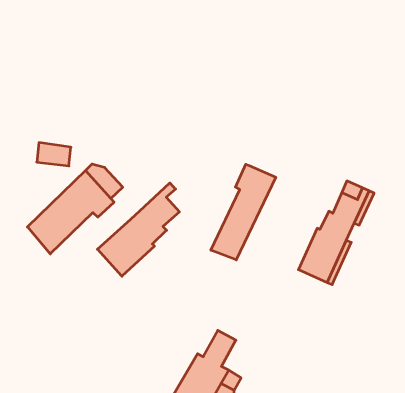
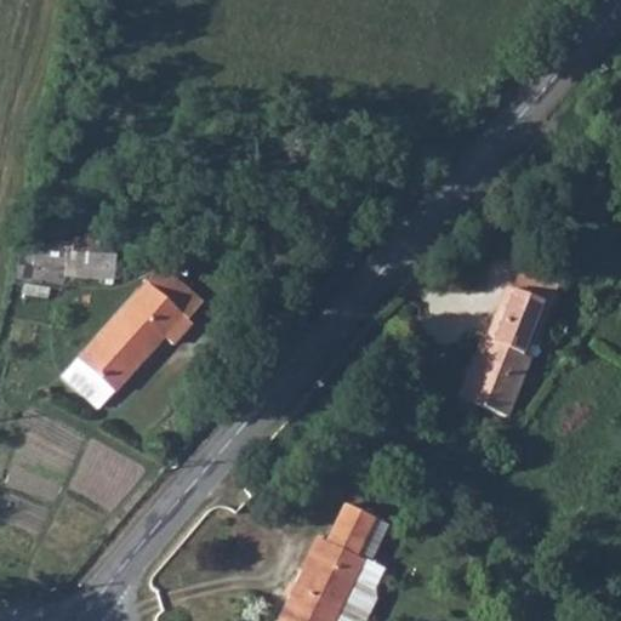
building: [211,164,276,260] -> none
building: [97,183,179,276] -> none

